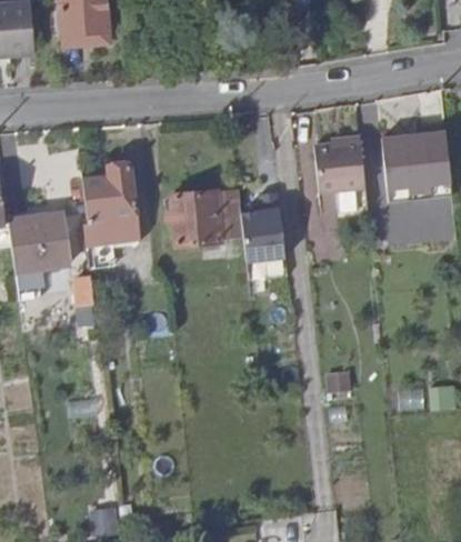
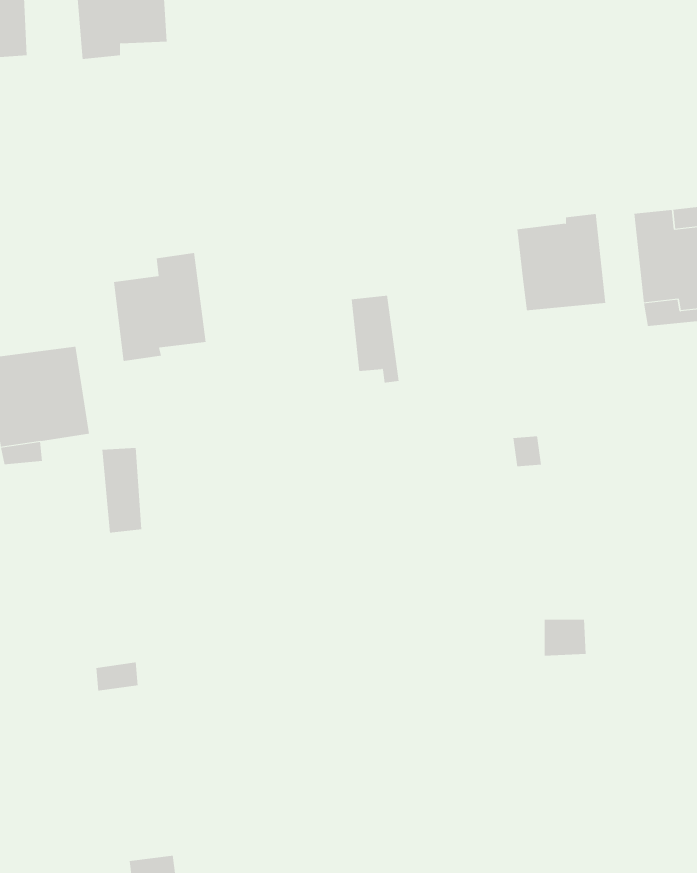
building: [171,189,235,243] -> none
building: [241,190,288,260] -> none
building: [87,213,138,247] -> none

